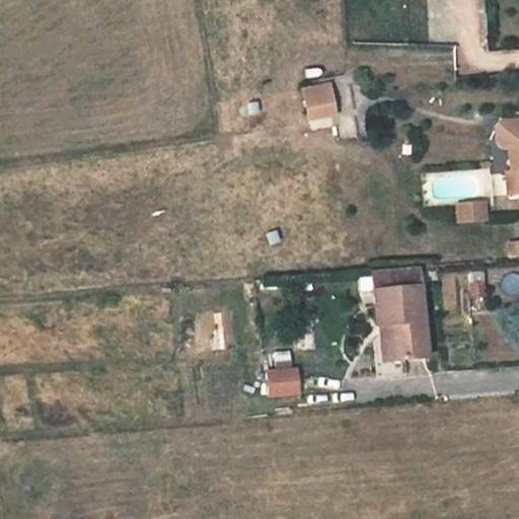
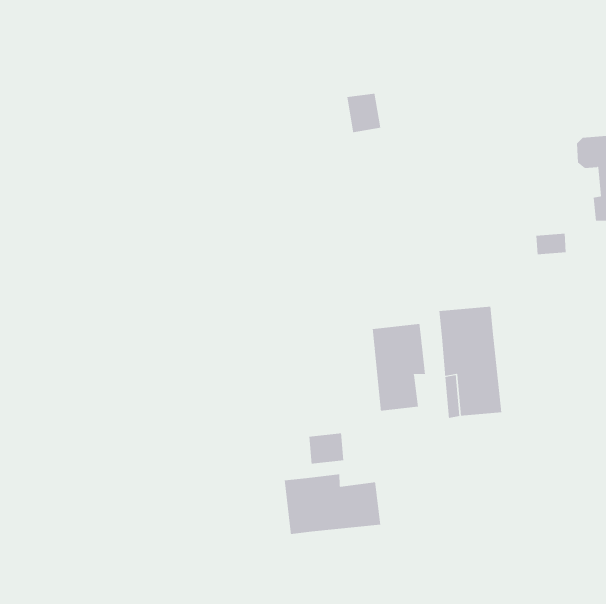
building: none -> [372,323,426,412]
building: none -> [284,473,381,535]

